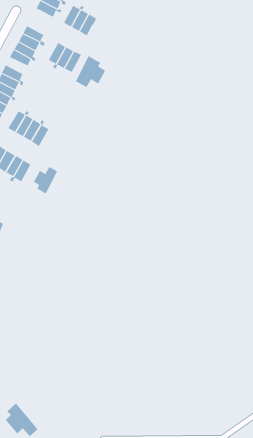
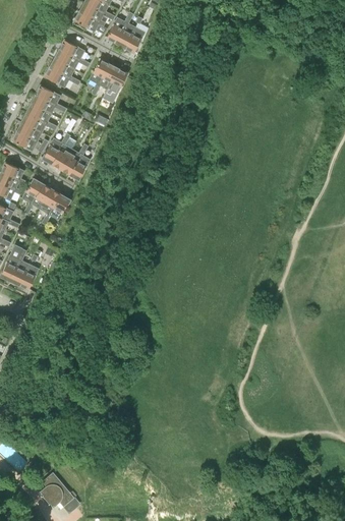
building: [75,55,106,88] -> none
building: [33,166,58,194] -> none

